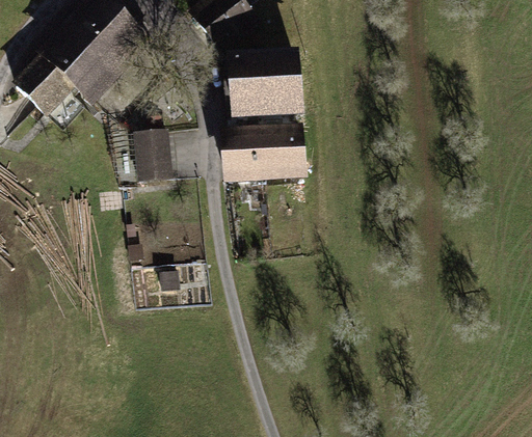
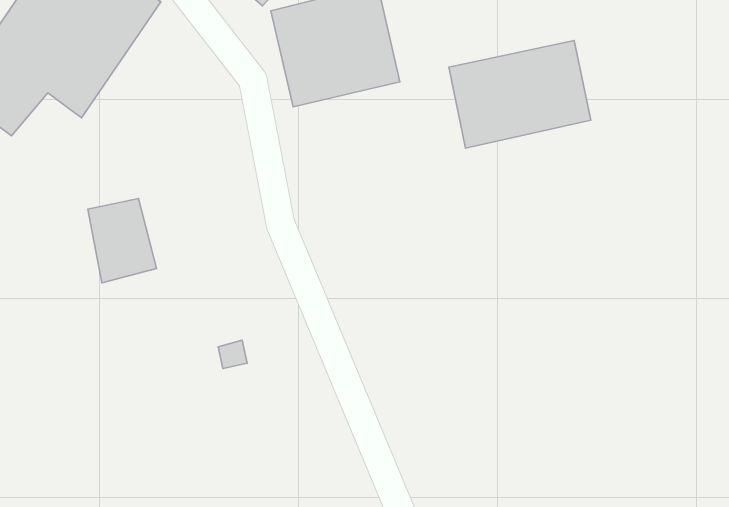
building: [219,122,308,183] -> [449,41,591,148]
building: [133,128,172,180] -> [88,199,157,283]

